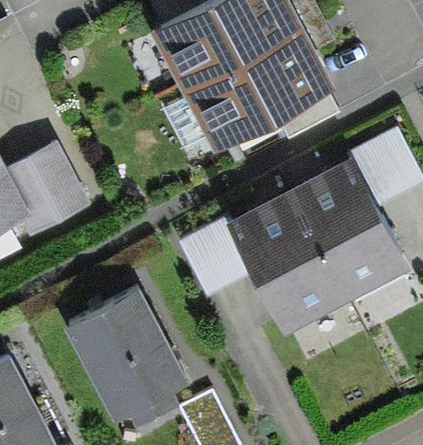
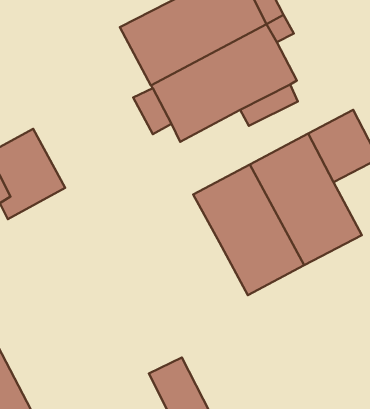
building: [179,214,255,291] -> none
building: [64,293,188,429] -> none

